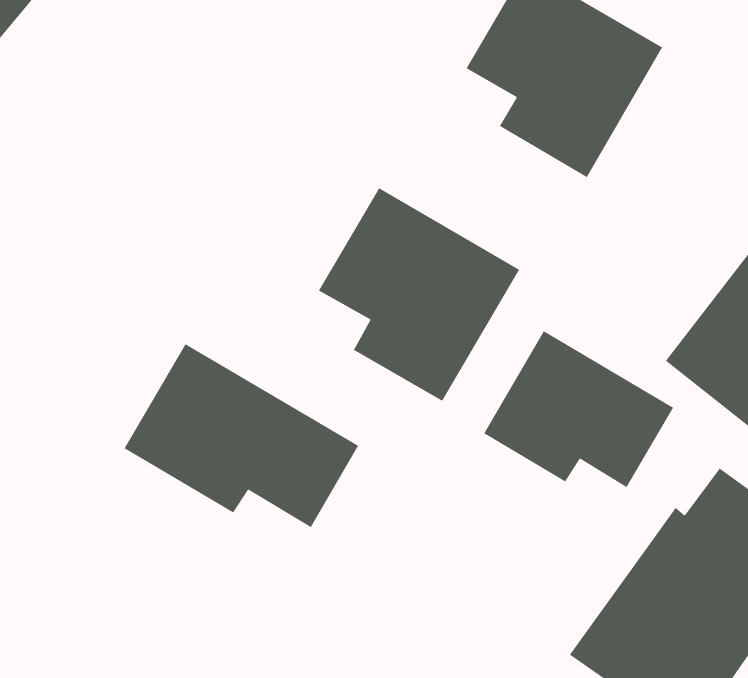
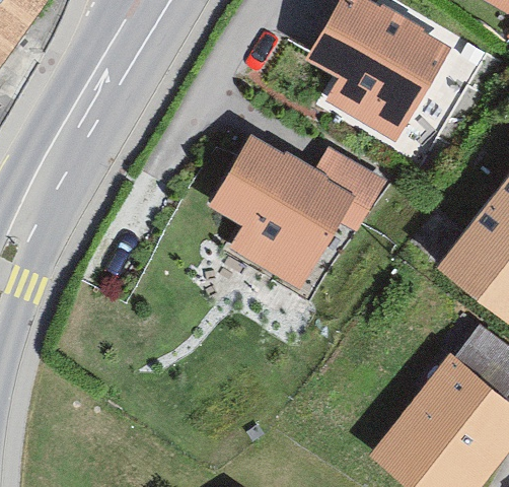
building: [483,330,674,488] -> none
building: [123,343,359,528] -> none

